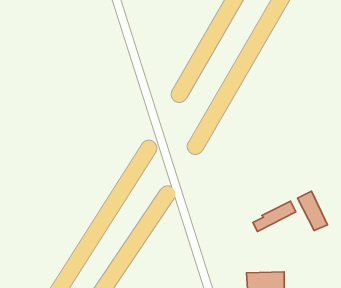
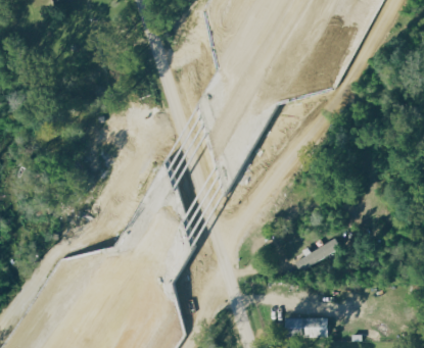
building: [297,191,328,231] -> none

